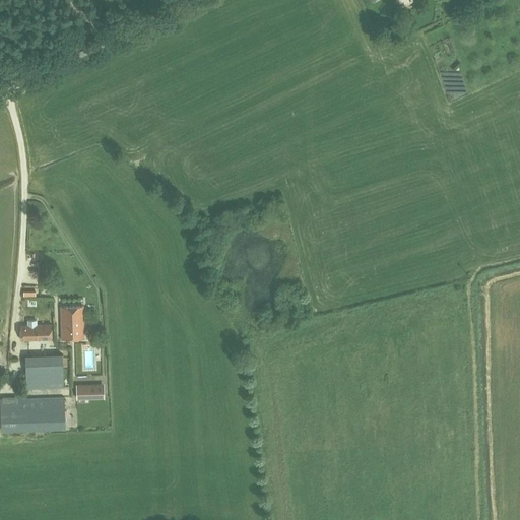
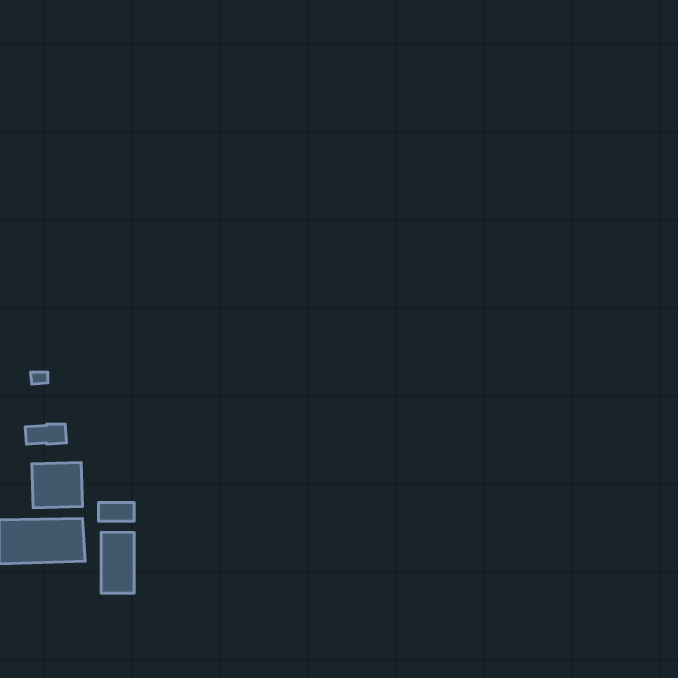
building: [60,307,83,339] -> none
building: none -> [101,532,134,593]

